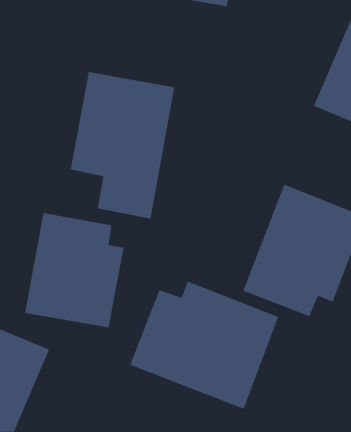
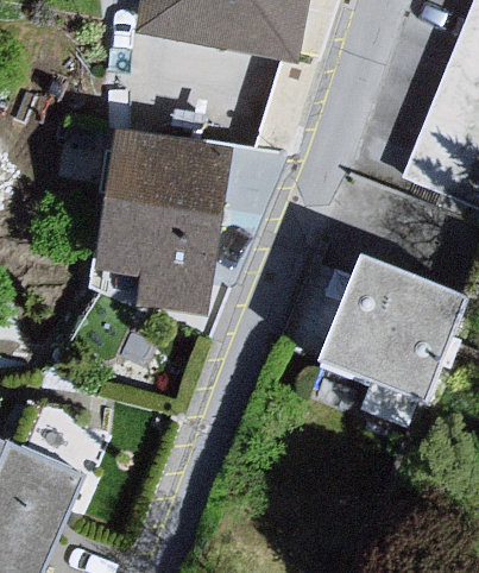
building: [24,212,124,328] -> none
building: [129,280,279,410] -> none

